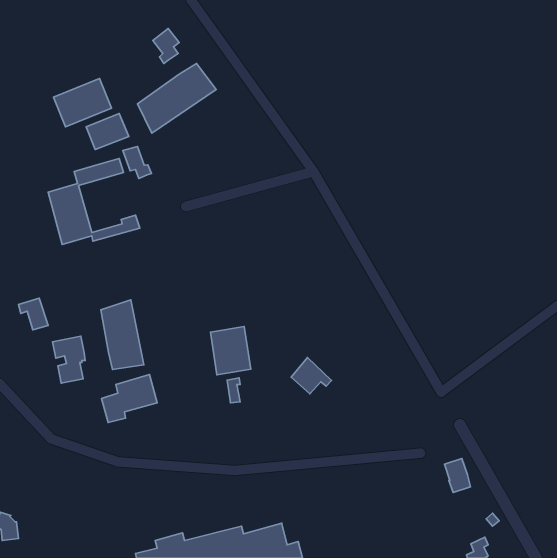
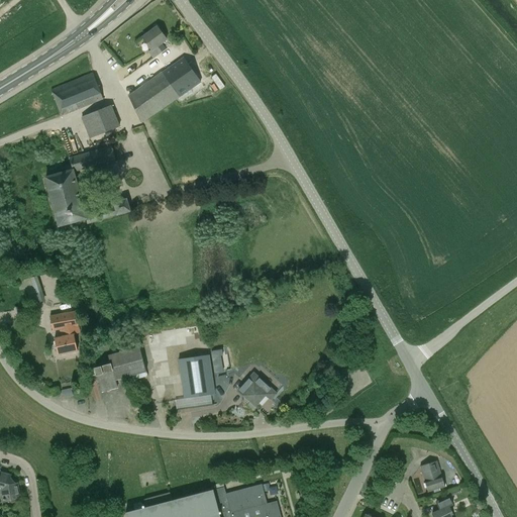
building: [123,146,151,178] -> none
building: [101,300,144,370] -> none
building: [210,327,251,375] -> [177,354,214,399]
building: [291,358,332,394] -> [237,373,275,406]
building: [444,459,471,492] -> [419,460,443,492]

